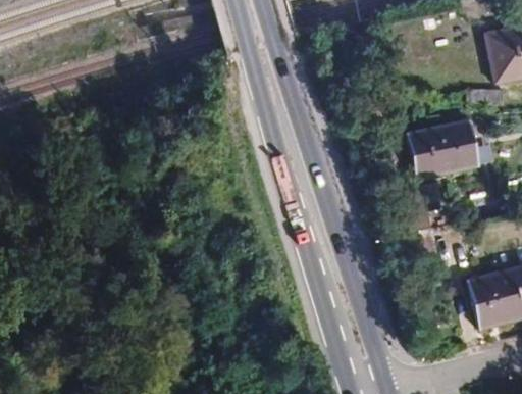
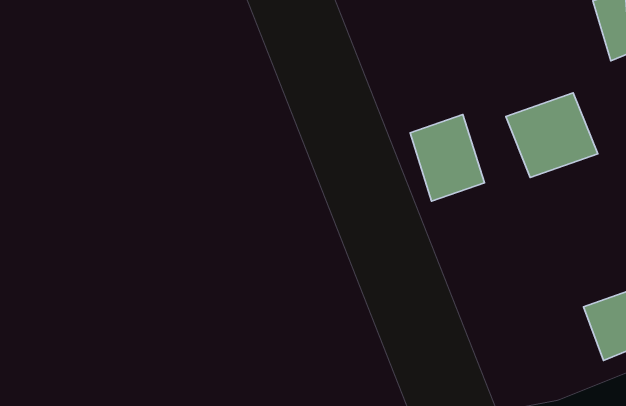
building: none -> [410,114,484,201]

